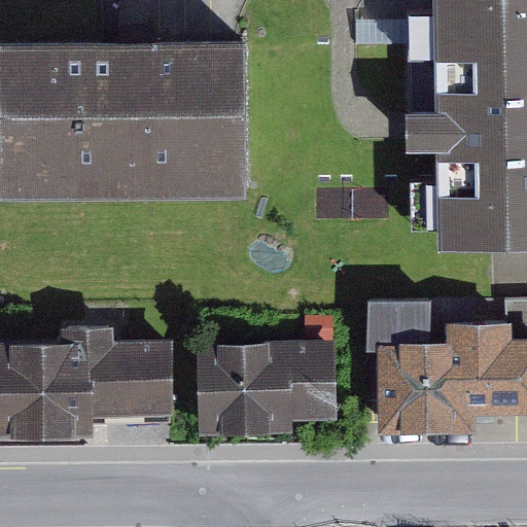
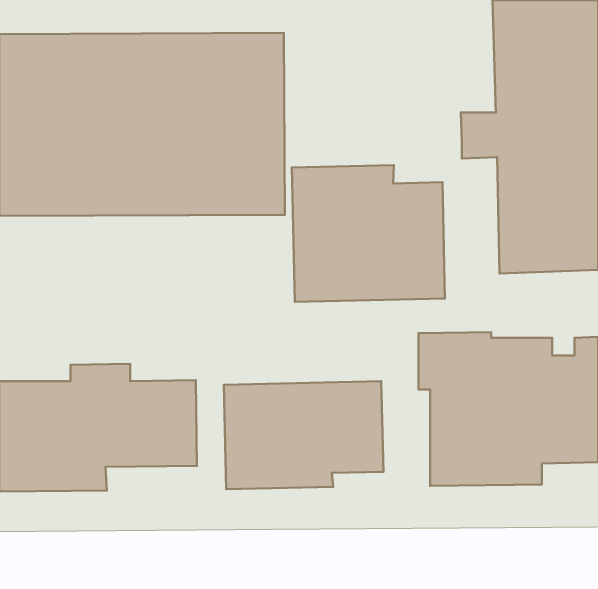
building: none -> [292,165,445,302]

